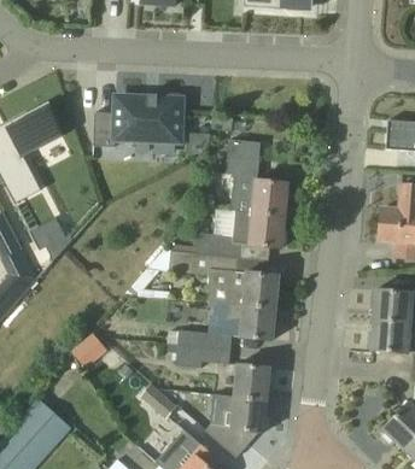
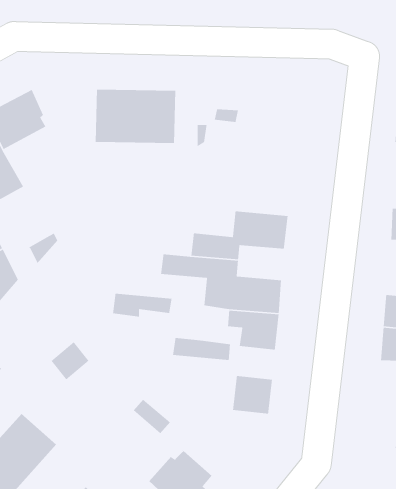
building: [228,140,288,216] -> none
building: [175,345,230,368] -> [112,293,172,318]
building: [206,395,267,447] -> none

